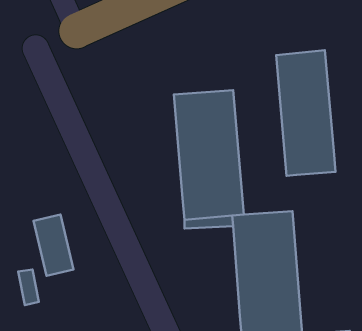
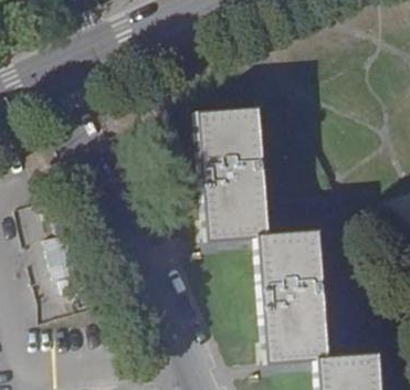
building: [276,50,335,176] -> none

